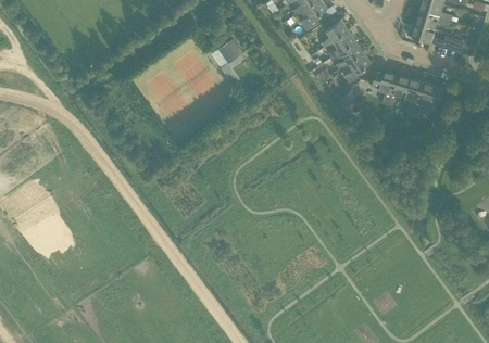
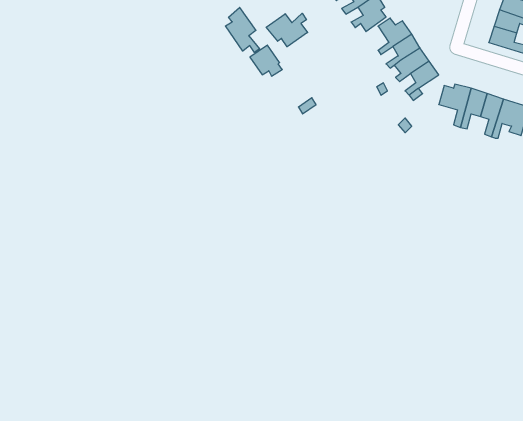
building: none -> [225,7,260,52]
building: none -> [266,13,308,47]

